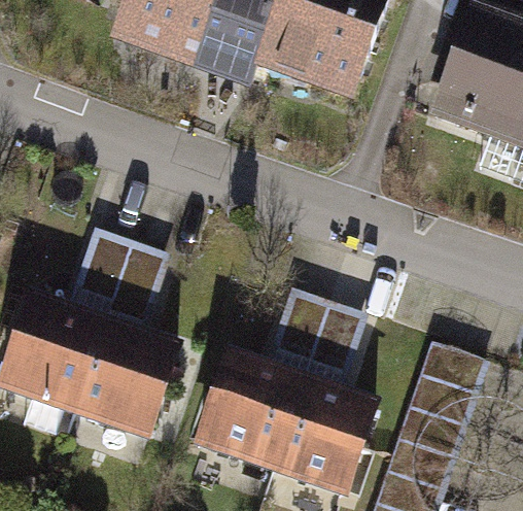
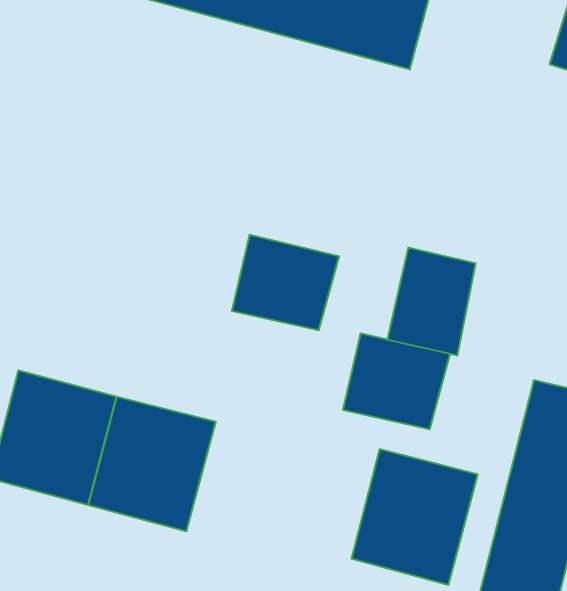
building: none -> [388,247,475,356]
building: [78,238,165,316] -> [232,235,339,330]
building: [199,362,303,470] -> none

